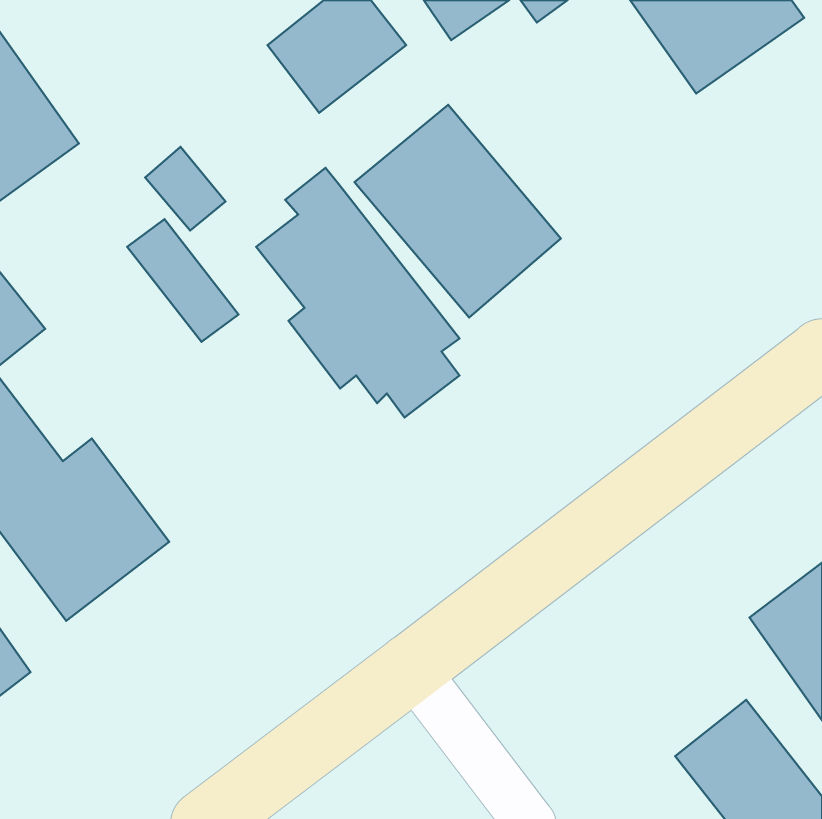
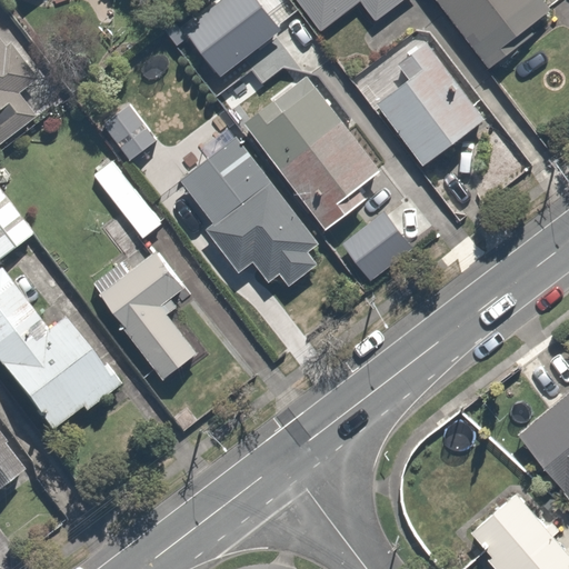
building: none -> [360,38,486,167]
building: none -> [342,216,412,284]
building: none -> [97,237,204,383]

